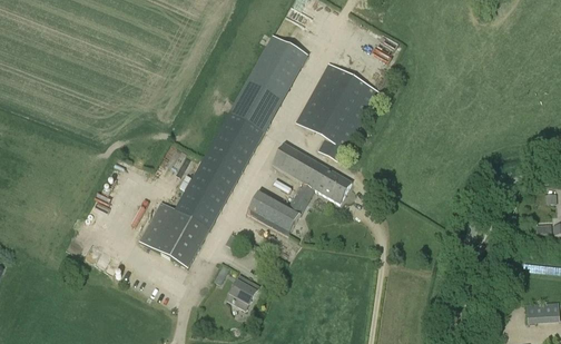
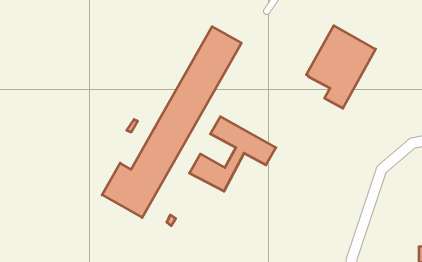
building: [295,61,380,163] -> [306,26,376,108]
building: [227,277,258,308] -> none

